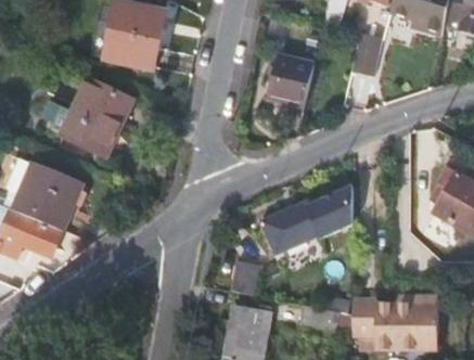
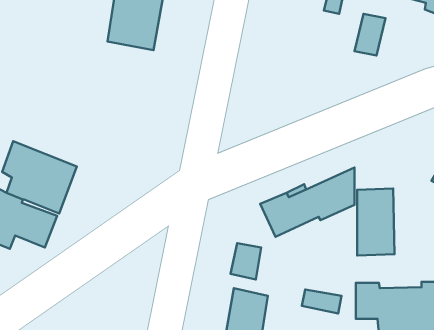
building: [267,54,316,108] -> none
building: [52,80,132,155] -> none
building: none -> [357,189,394,255]

